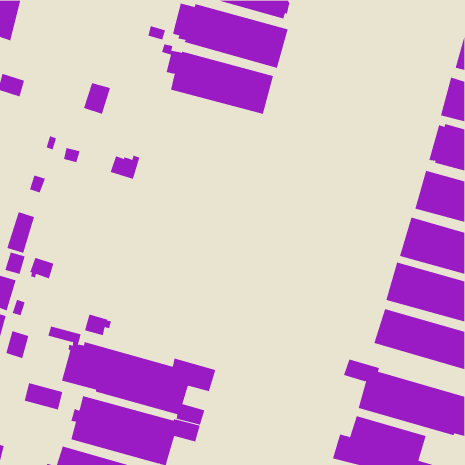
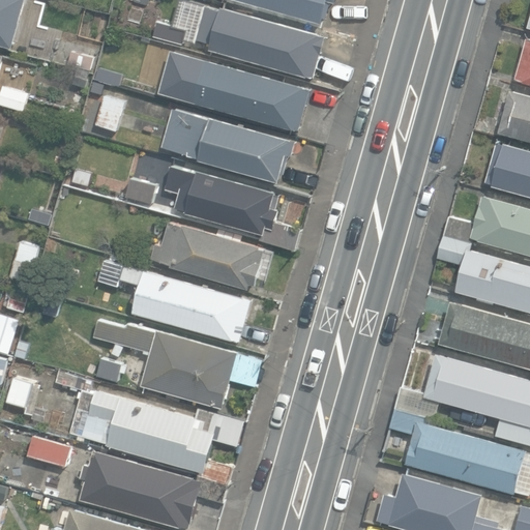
building: none -> [160,110,295,183]
building: none -> [164,167,300,252]
building: none -> [150,223,264,291]
building: none -> [97,260,252,344]
building: none -> [92,320,263,410]

